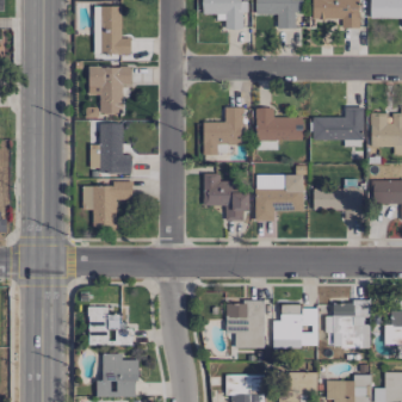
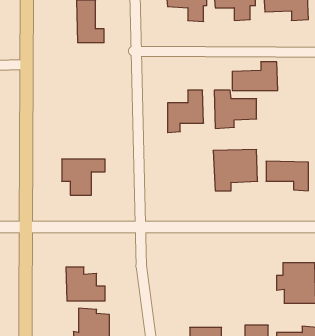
building: [88,66,131,113] -> none
building: [313,107,364,140] -> [232,62,278,90]
building: [99,123,131,173] -> none
building: [202,173,249,221] -> none
building: [227,302,265,348] -> none
building: [273,305,317,347] -> none

